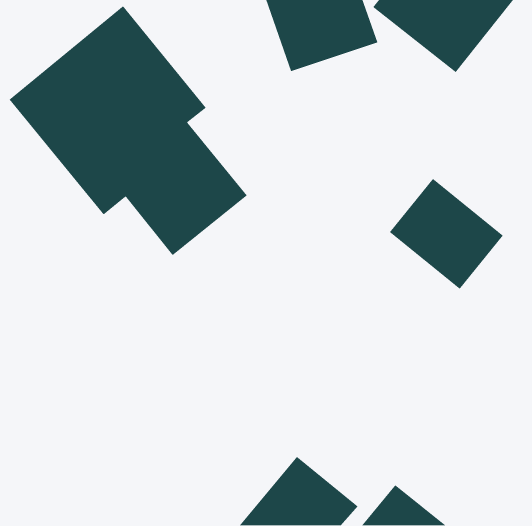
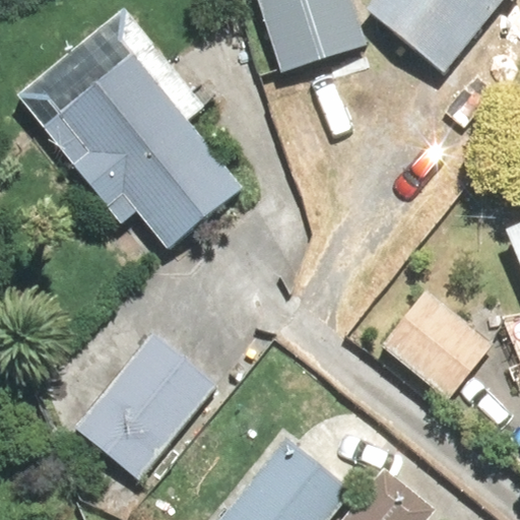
building: [389,178,504,290] -> [384,292,496,401]
building: none -> [79,338,216,480]

